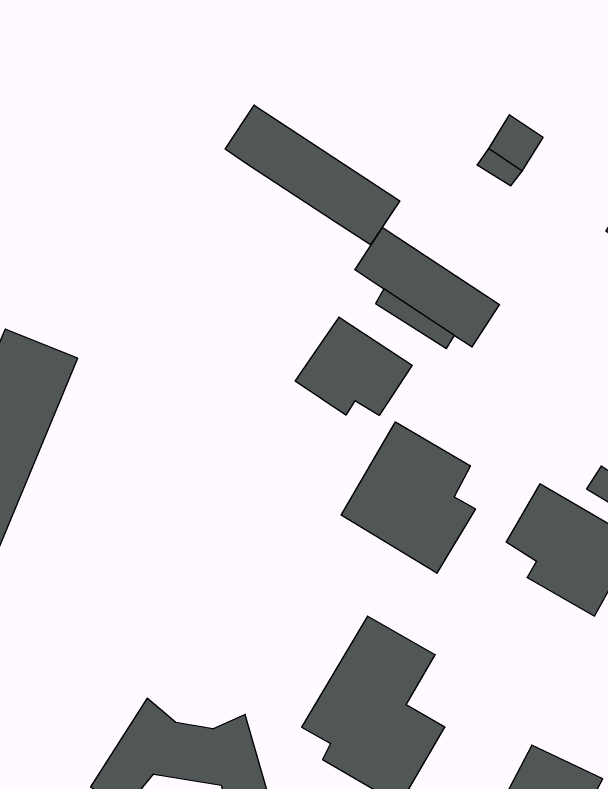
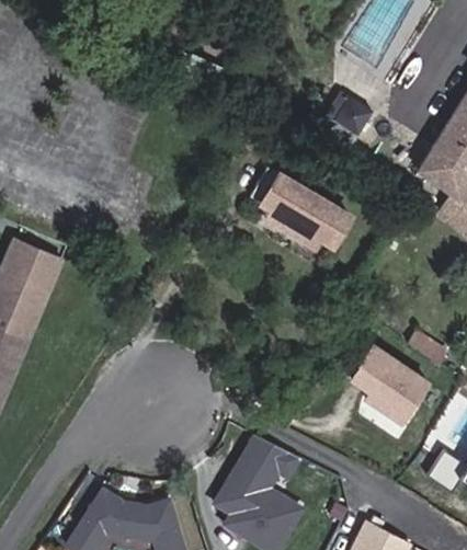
building: [225,105,400,245] -> none
building: [295,317,412,415] -> none
building: [341,422,475,573] -> none

